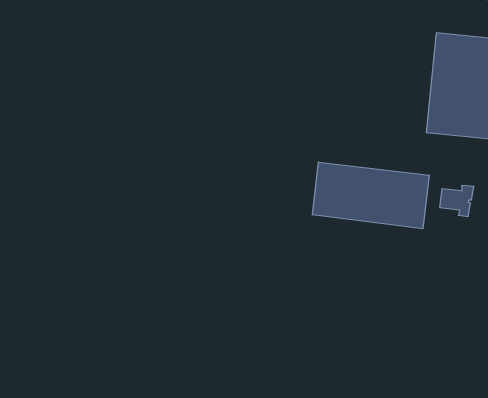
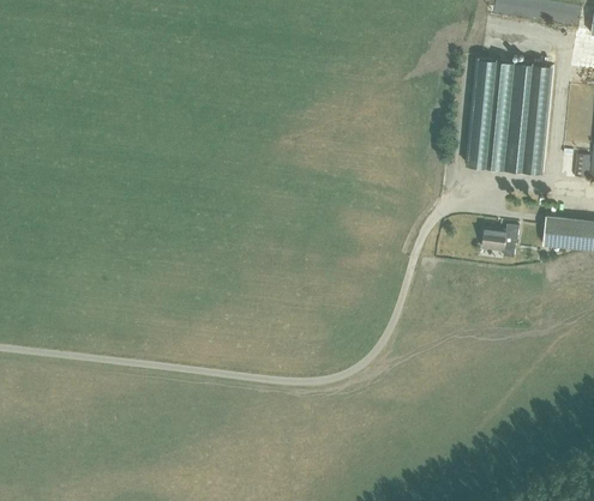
building: [312,162,429,229] -> none

